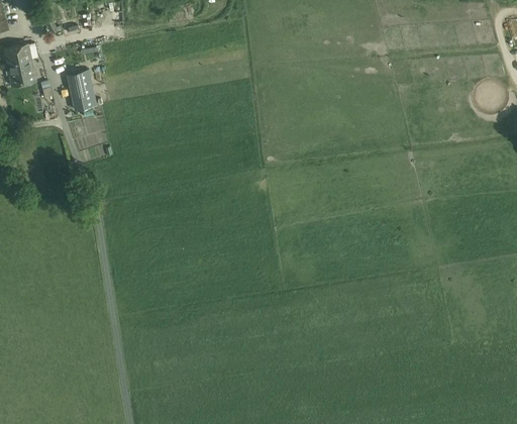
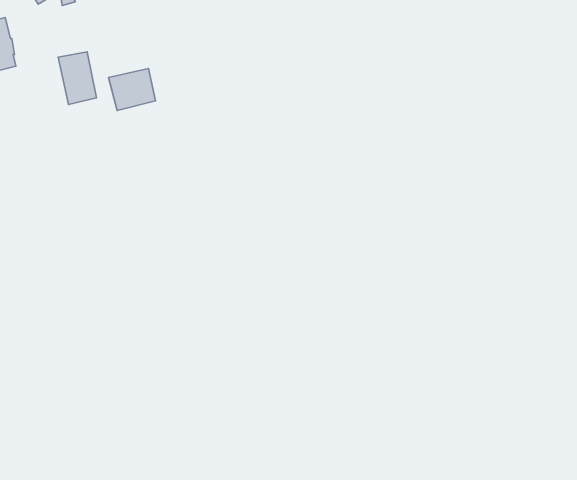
building: none -> [109,69,155,111]

